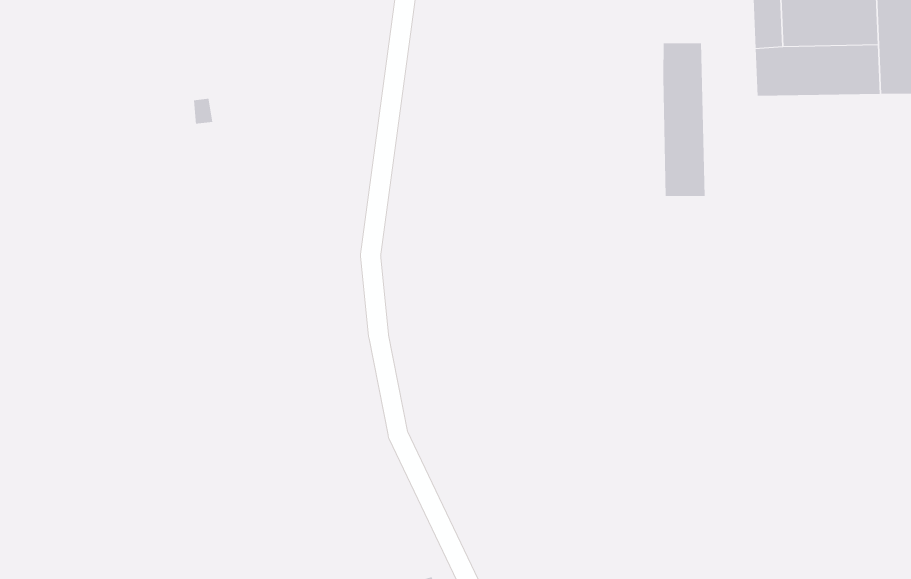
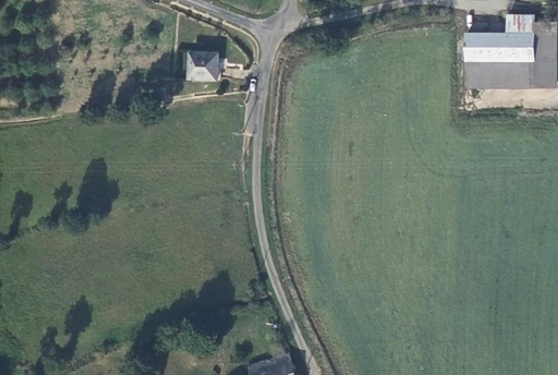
building: none -> [192,52,218,80]
building: [663,42,705,197] -> none

